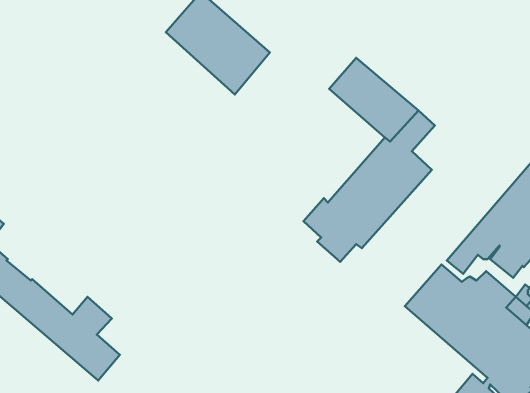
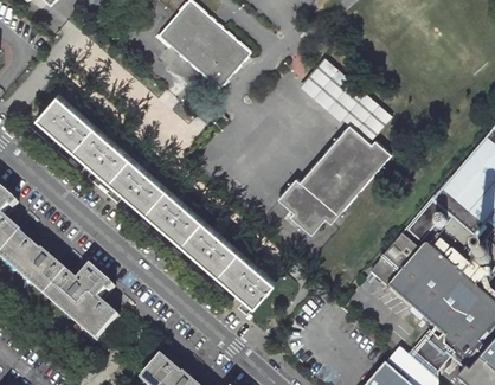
building: none -> [36,90,272,304]

